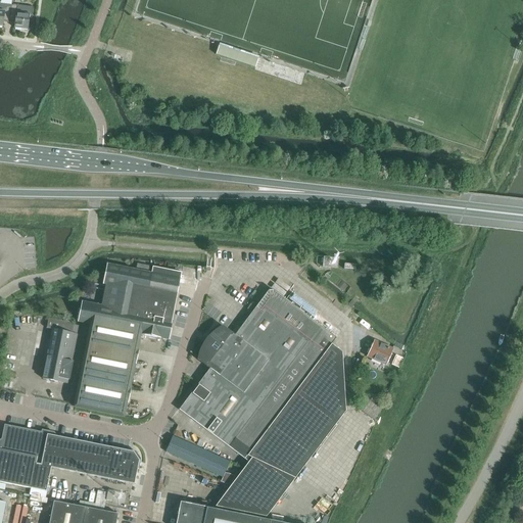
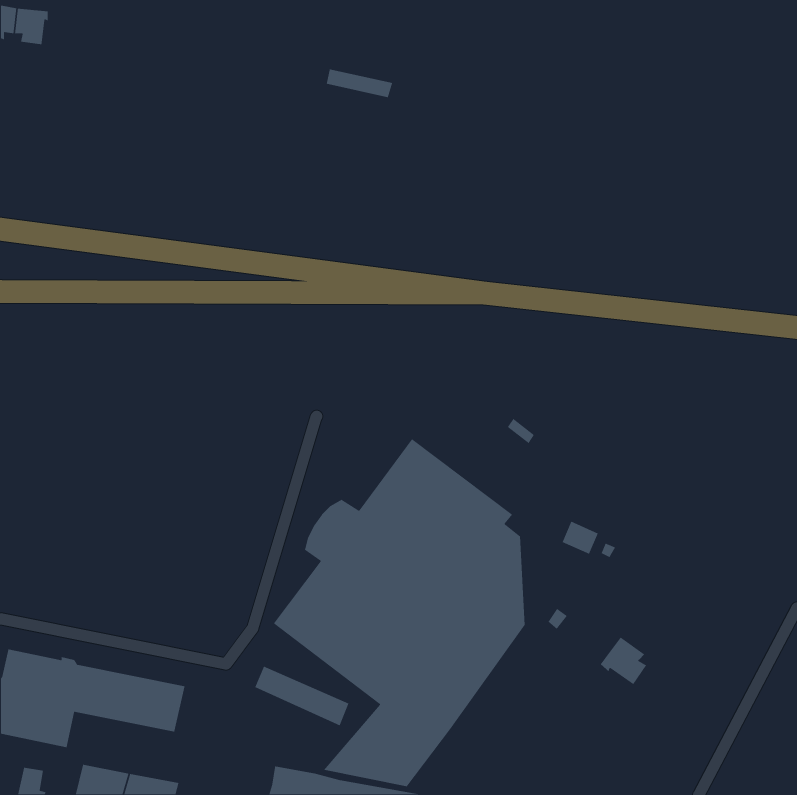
building: [75,263,182,416] -> none
building: [43,318,78,383] -> none
building: none -> [600,637,647,685]
building: [114,449,138,484] -> none

